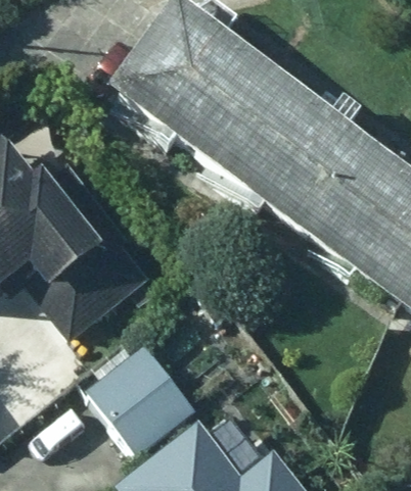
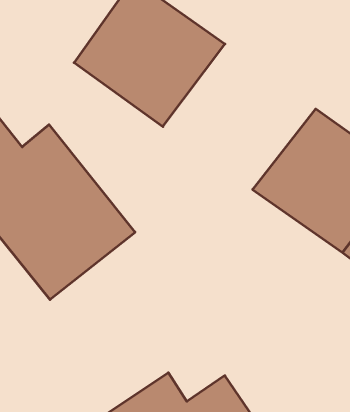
building: [196,65,365,226] -> none
building: [84,343,188,449] -> none

